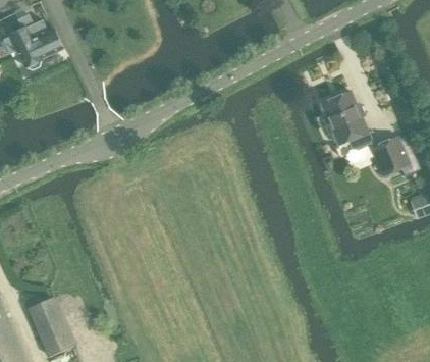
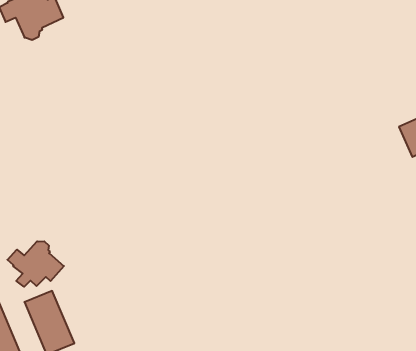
building: [319,91,371,148] -> none
building: none -> [7,241,64,287]

